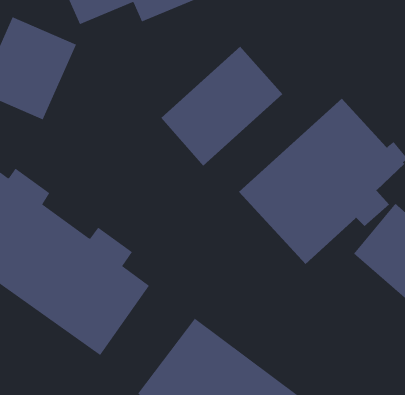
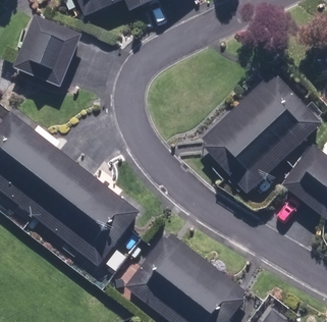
building: [160,46,283,166] -> none

